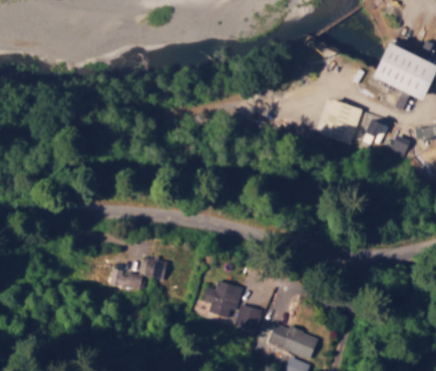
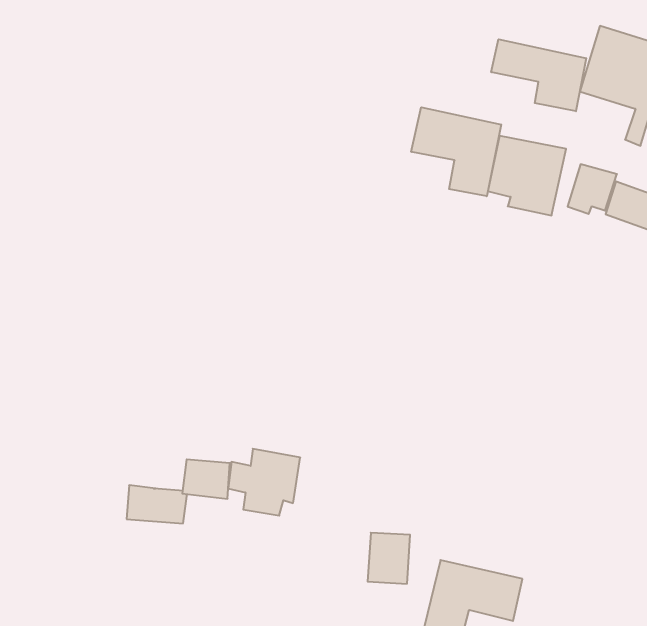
building: none -> [491,39,586,111]
building: none -> [411,107,501,196]
building: [202,280,243,317] -> [228,449,300,516]

